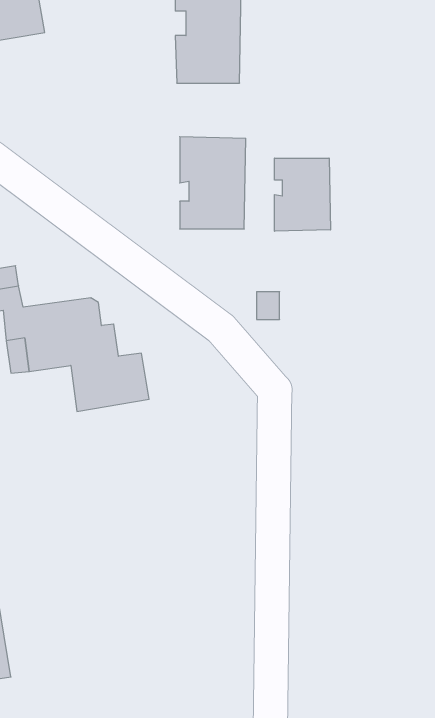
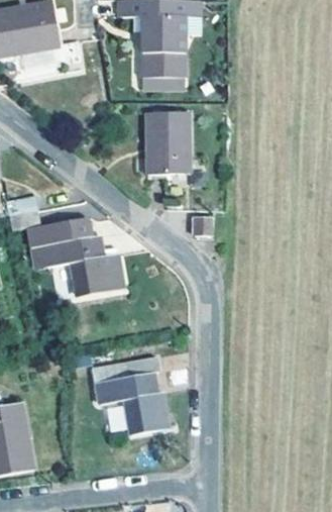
building: [275,158,330,231] -> none
building: none -> [94,356,165,433]

